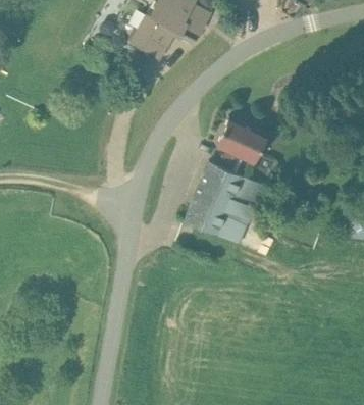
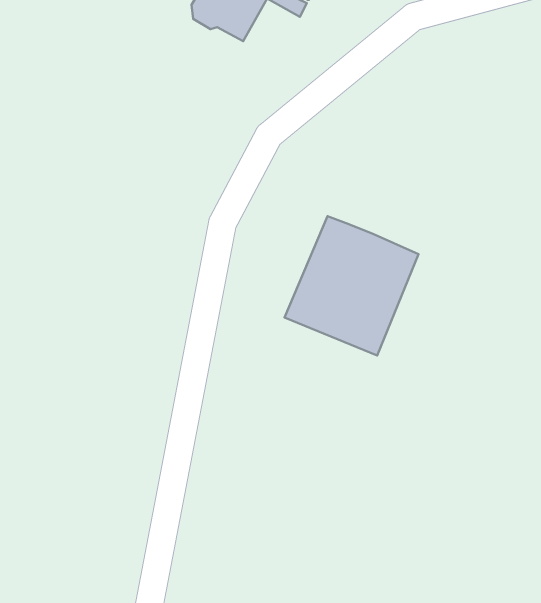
building: [216,117,267,172] -> none

